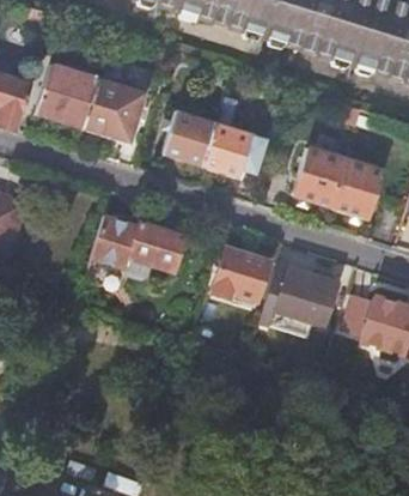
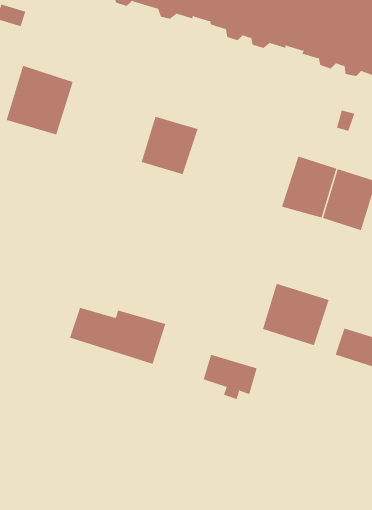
building: [83,78,146,144] -> none
building: [201,122,265,179] -> none
building: [93,219,184,273] -> [69,307,166,365]
building: [218,248,269,291] -> [203,354,258,400]

